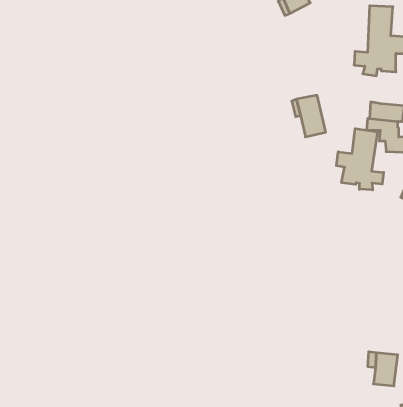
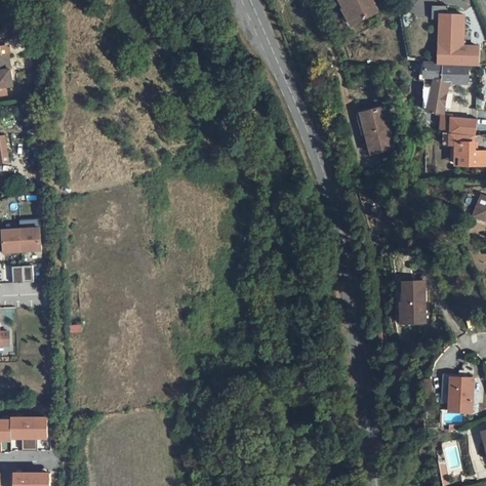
building: none -> [427,85,447,112]
building: [336,129,384,190] -> none
building: none -> [398,284,424,324]

